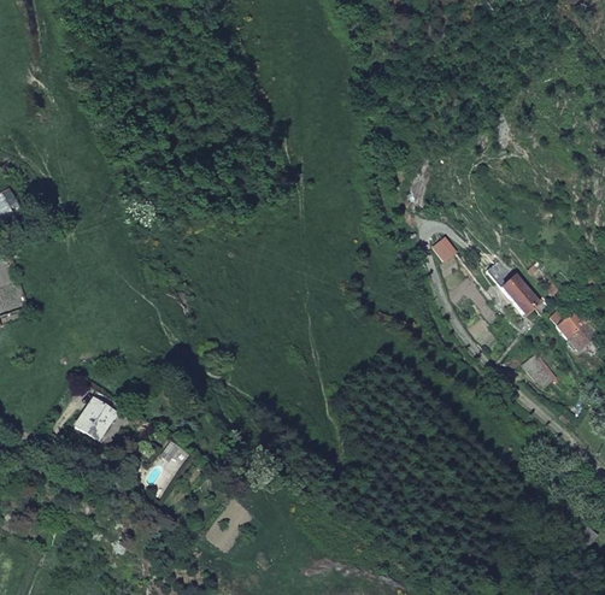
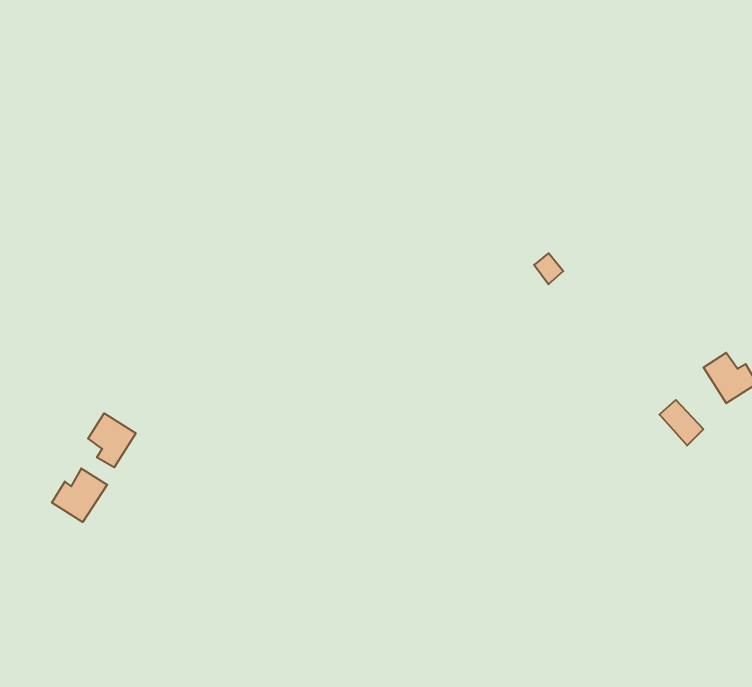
building: [487,261,536,312] -> none
building: none -> [88,413,136,467]

